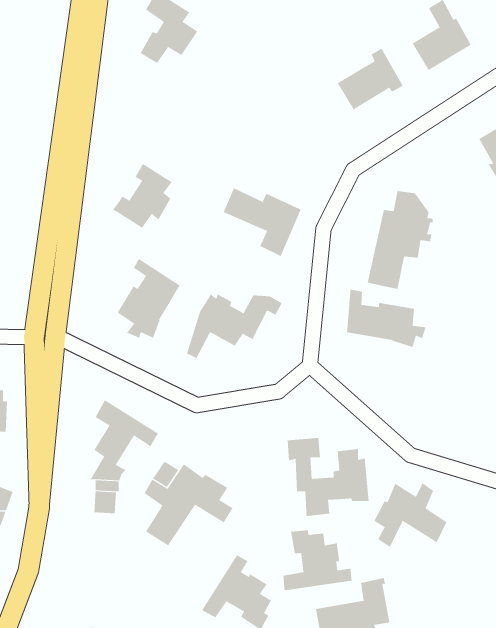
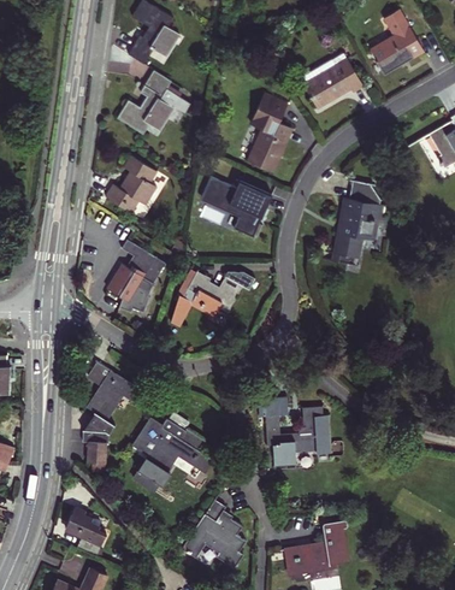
building: none -> [118,72,189,135]
building: none -> [247,92,292,171]
building: [346,289,426,348] -> none
building: [374,482,447,548] -> none
building: [283,530,352,591] -> none
building: none -> [64,508,106,556]

